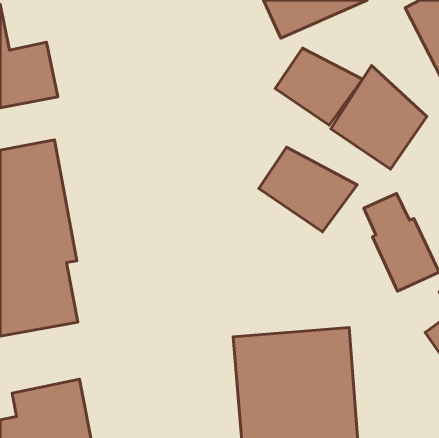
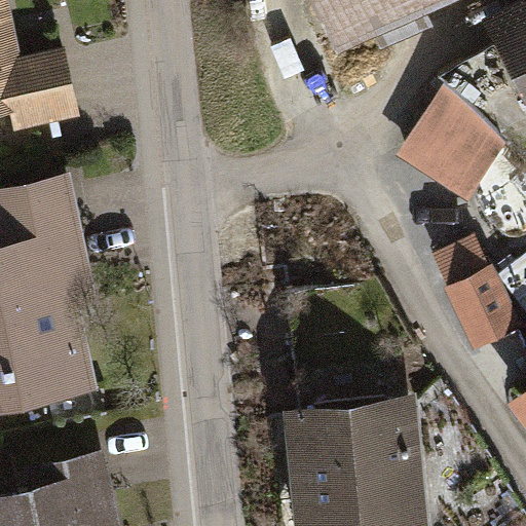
building: [275,48,363,125] -> none
building: [259,147,357,232] -> none

